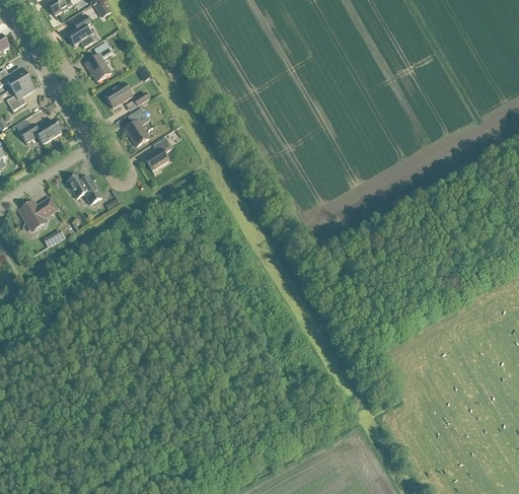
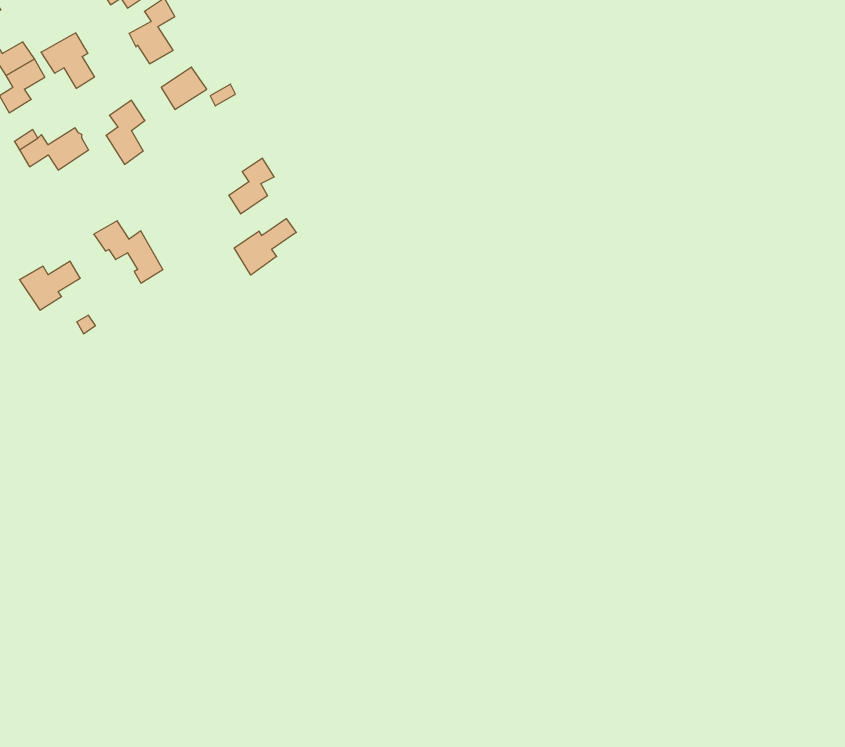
building: none -> [41,33,94,88]
building: [126,108,149,146] -> [106,100,145,164]
building: none -> [234,219,296,275]

